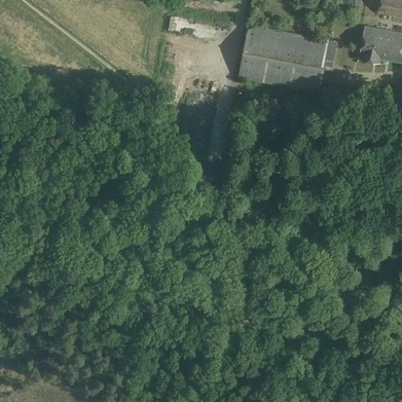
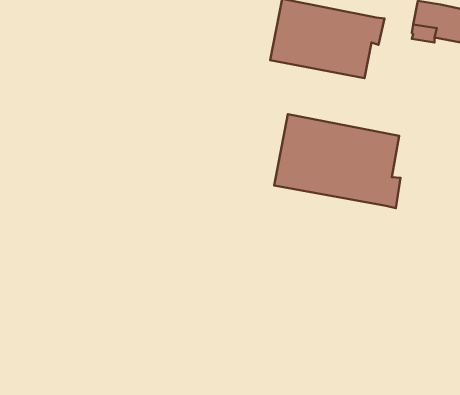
building: none -> [274,114,401,208]

